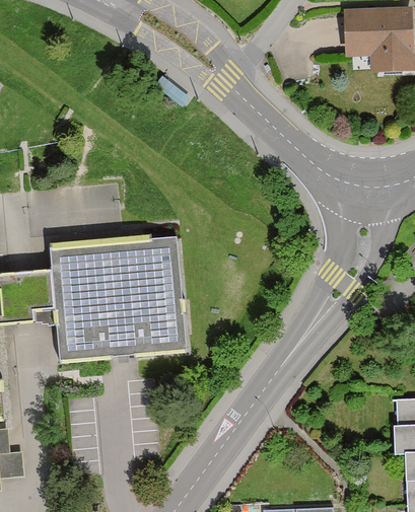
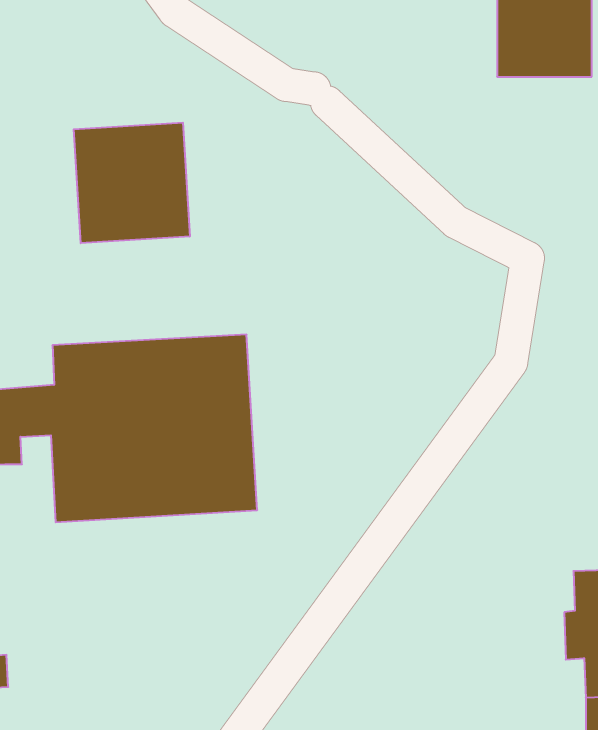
building: none -> [74,123,190,243]

